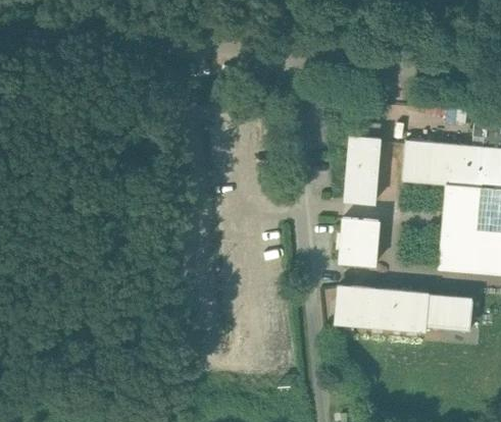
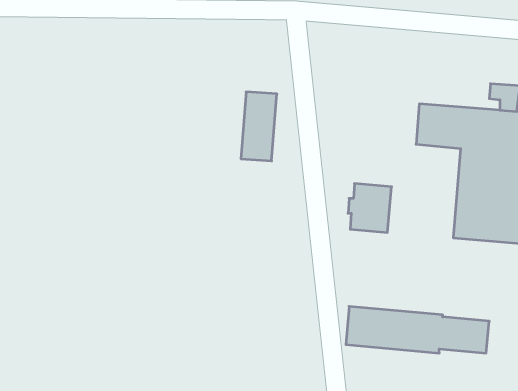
building: [345,137,380,203] -> [241,92,277,161]
building: [335,285,472,330] -> [346,306,489,353]

